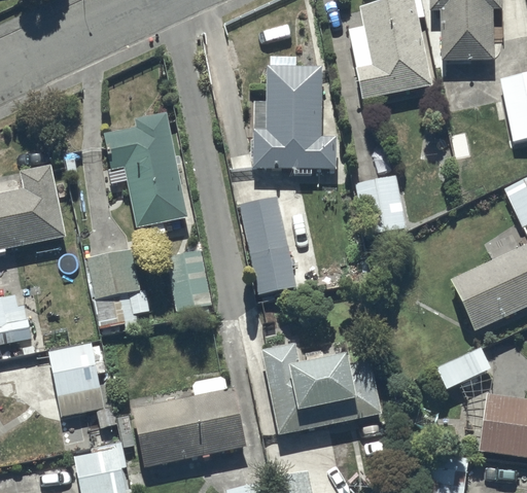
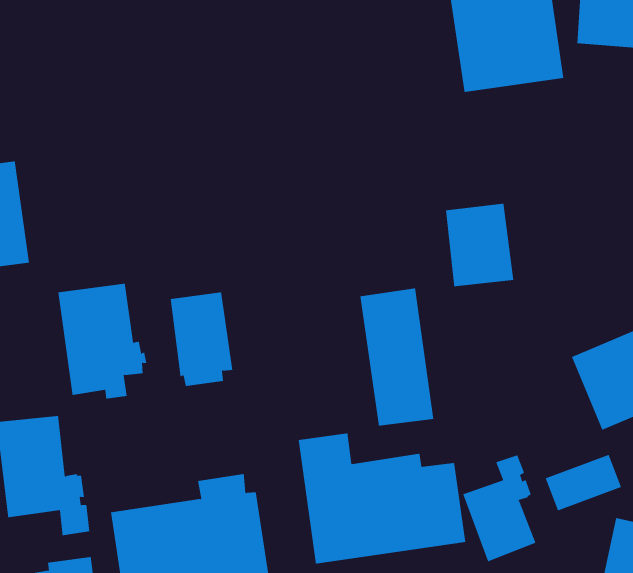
building: [250,55,336,173] -> none
building: [103,112,187,228] -> none
building: [239,196,296,294] -> [360,288,434,426]
building: none -> [462,454,536,562]

